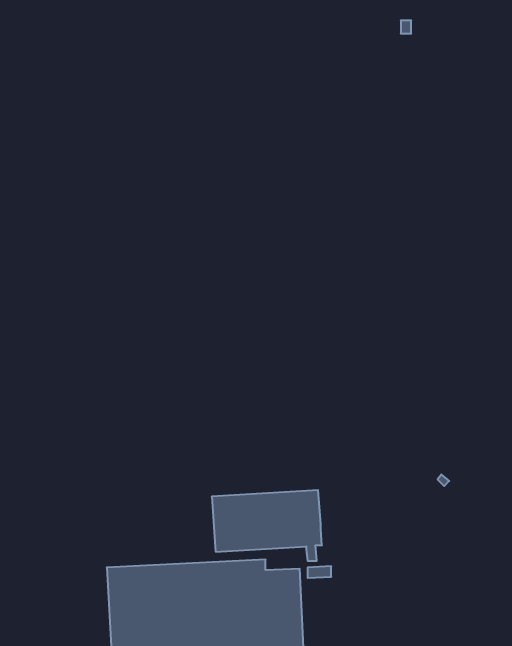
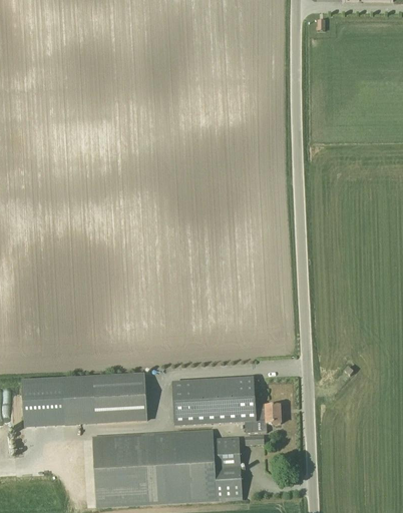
building: none -> [22,373,147,424]
building: none -> [252,404,281,431]

